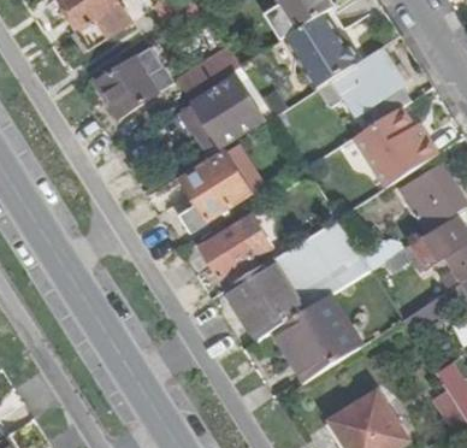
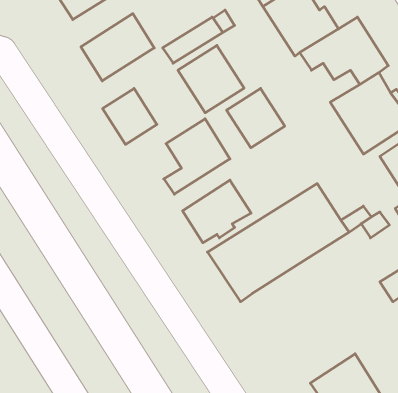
building: none -> [103,88,157,144]
building: none -> [227,88,285,148]
building: [271,294,360,381] -> none

